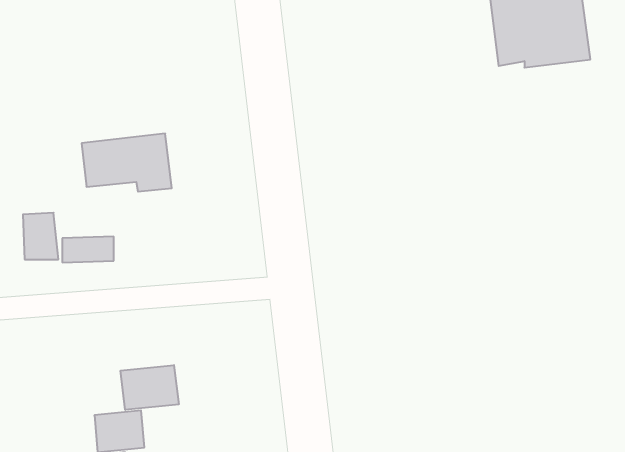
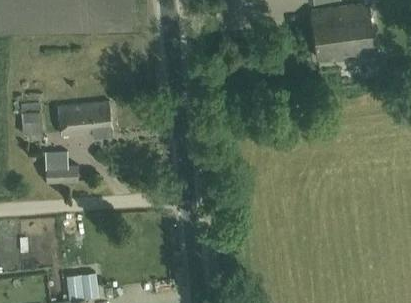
building: [23,213,58,259] -> [21,104,43,133]
building: [121,365,179,410] -> none

